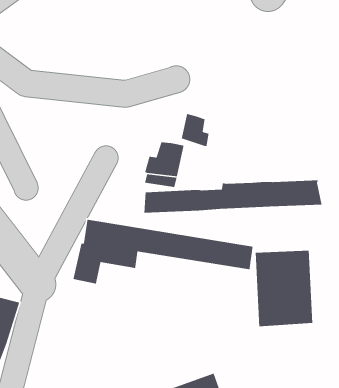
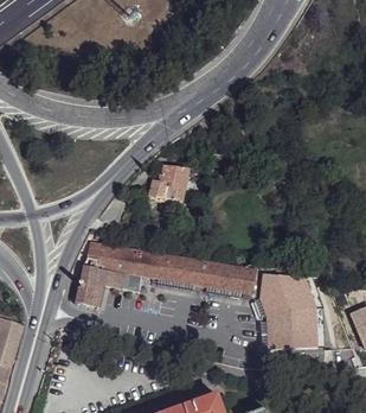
building: [181,113,209,147] -> none
building: [144,180,323,213] -> none

